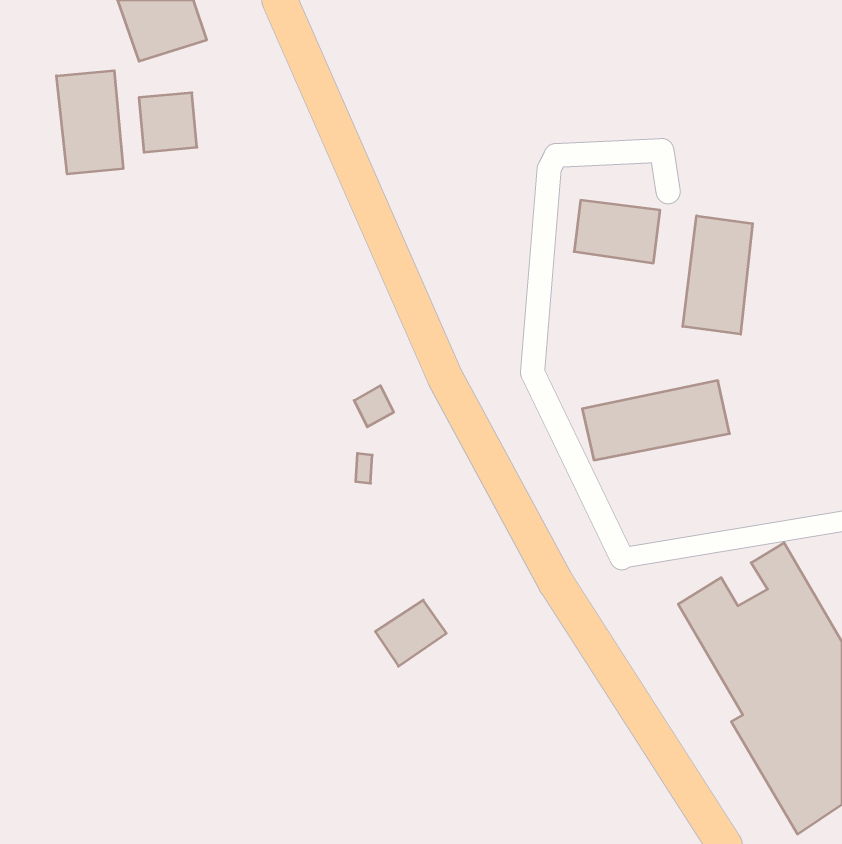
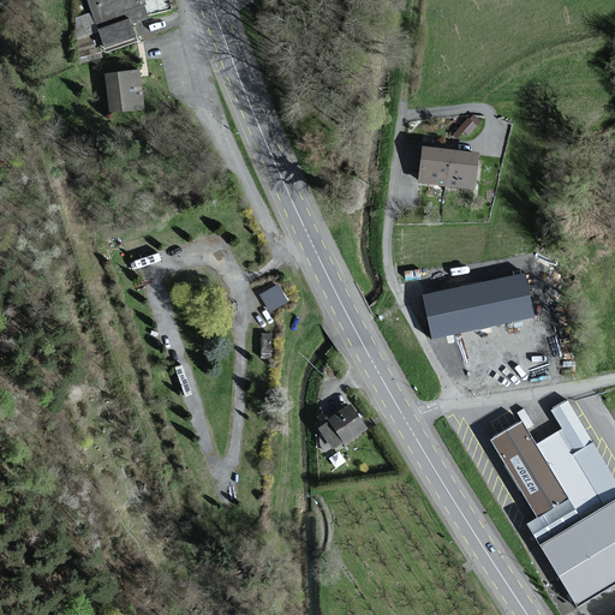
building: [56,71,123,174] -> none
building: [683,216,753,334] -> none
building: [375,600,446,666] -> [317,404,369,452]

